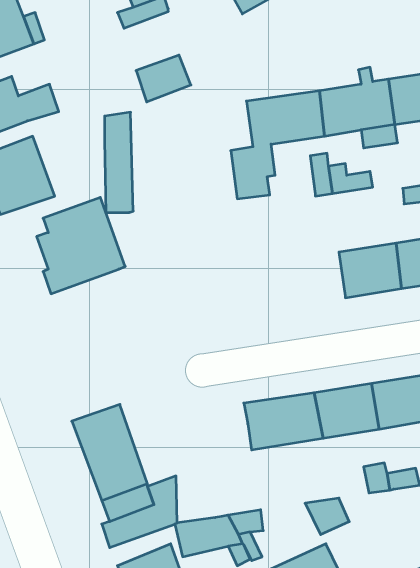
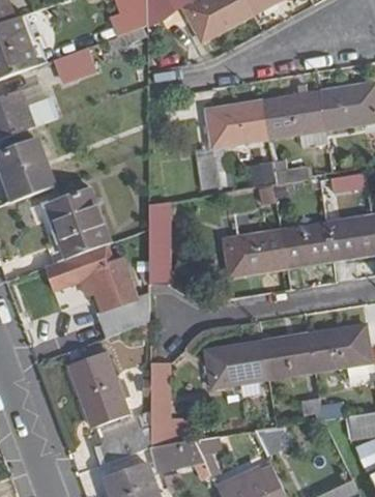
building: [136,55,191,102] -> [53,47,96,84]
building: [105,112,133,212] -> [148,205,171,285]
building: none -> [225,230,286,274]
building: none -> [44,243,150,338]
building: none -> [150,364,188,445]

